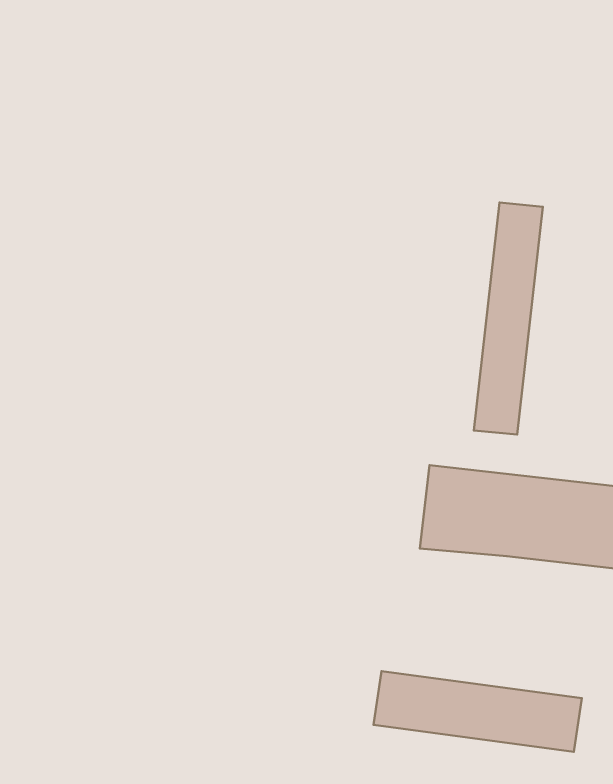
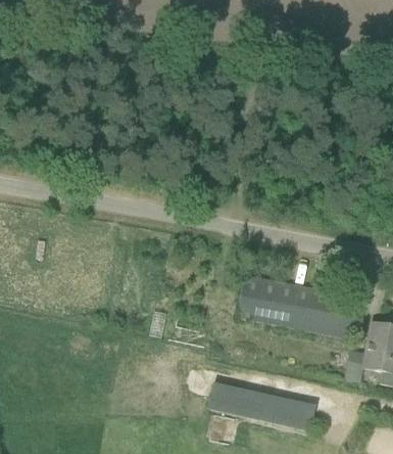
building: [474,203,543,435] -> none

